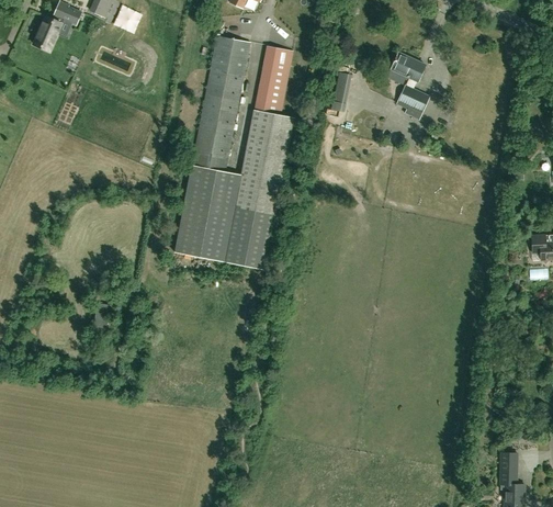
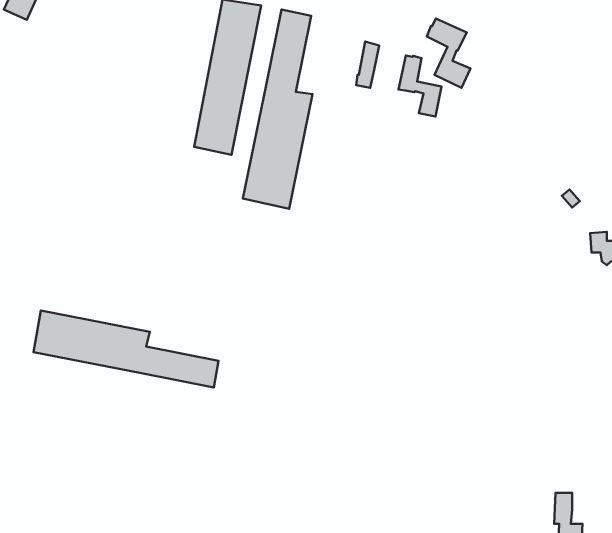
building: none -> [399,56,442,116]
building: [174,165,274,269] -> none
building: none -> [33,310,219,387]

